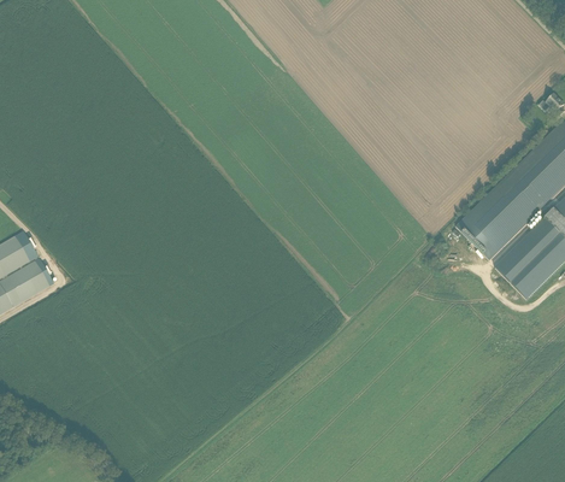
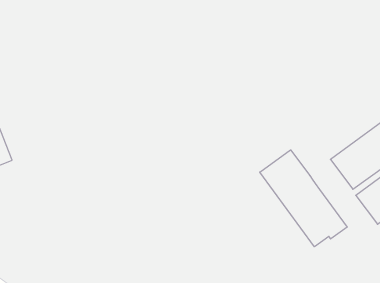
building: none -> [260,150,347,247]

